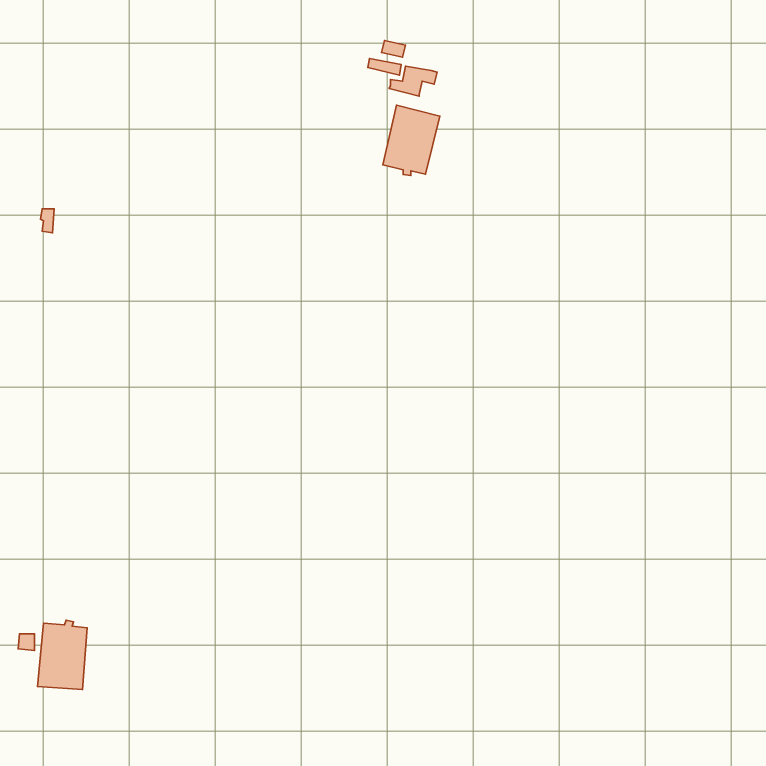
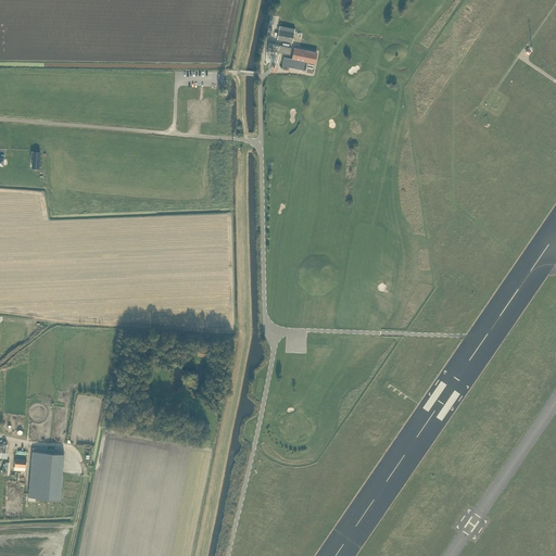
building: [383,105,440,176] -> none

